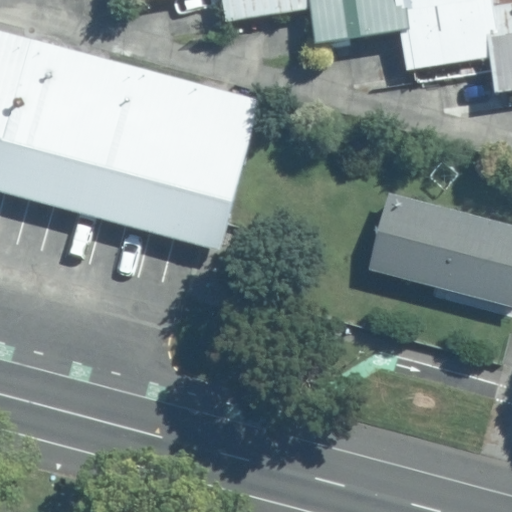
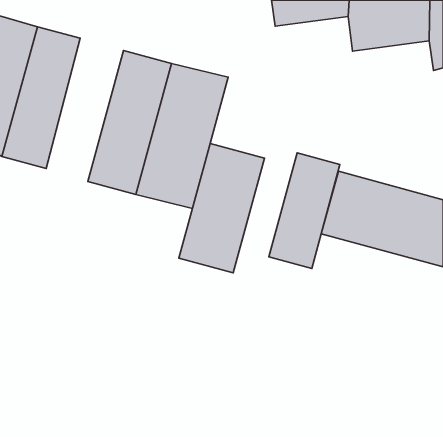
building: [53,52,142,217] -> none
building: none -> [179,143,264,273]
building: none -> [269,153,340,268]

